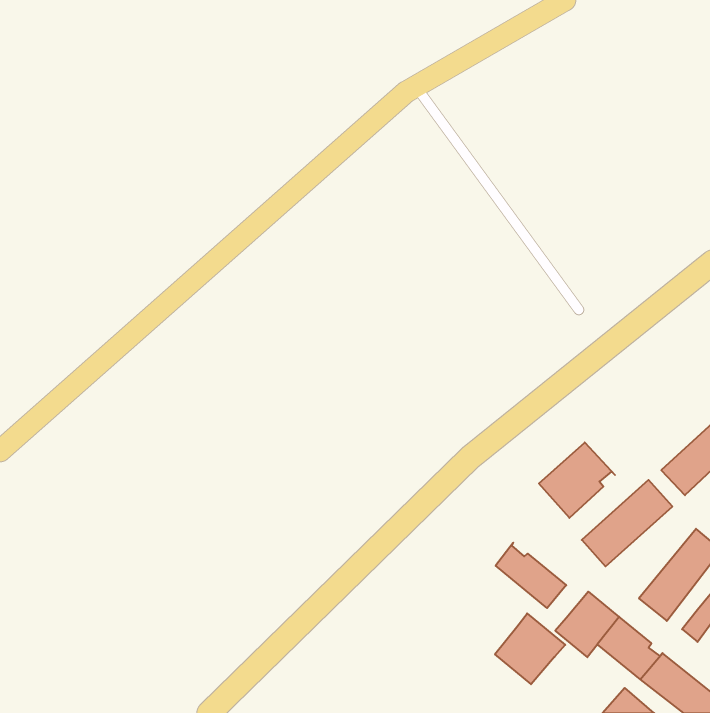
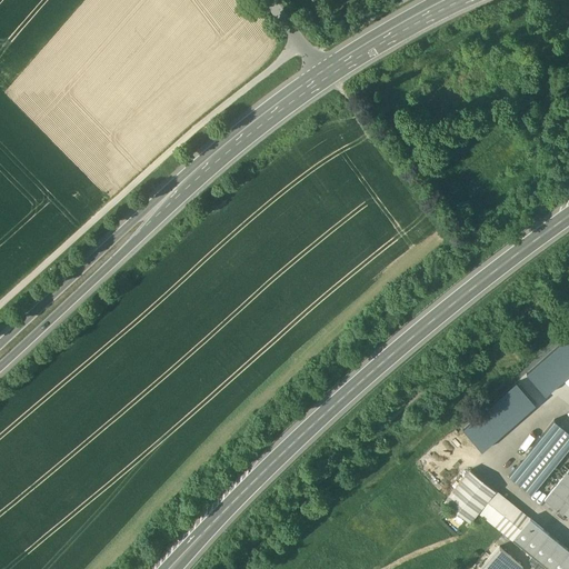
building: [539,442,615,518] -> none
building: [496,543,566,608] -> none
building: [495,613,565,684] -> none

